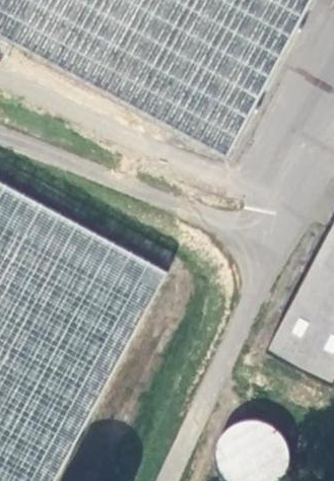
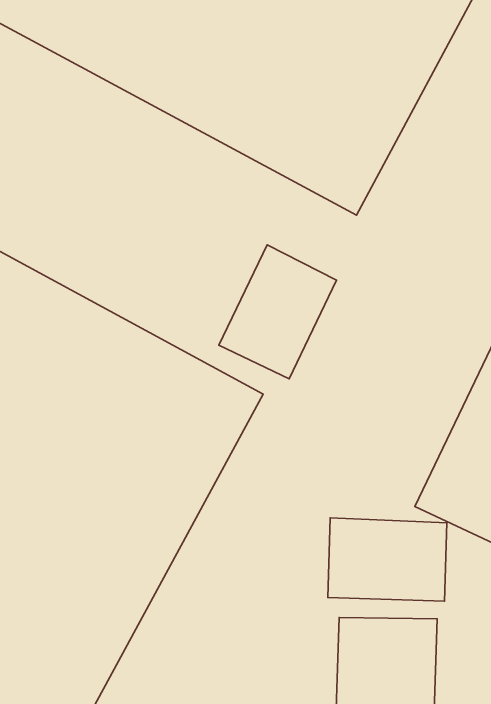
building: none -> [219,245,337,379]
building: none -> [328,518,447,601]

